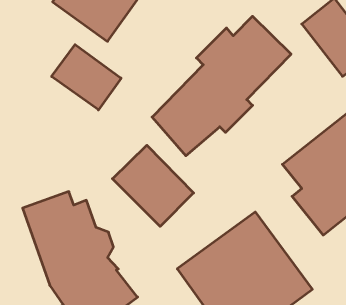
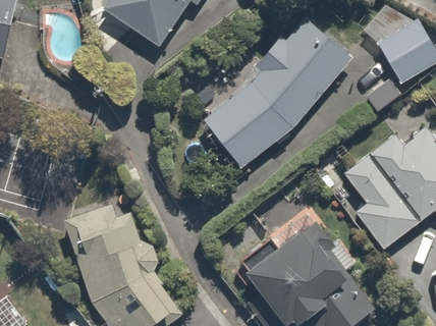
building: [52,45,121,110] -> none
building: [112,145,194,226] -> none

